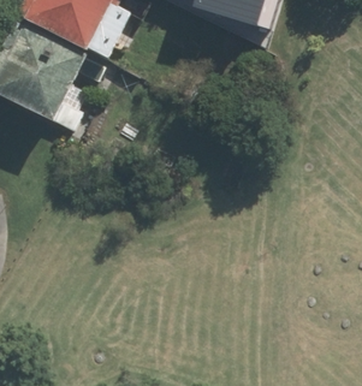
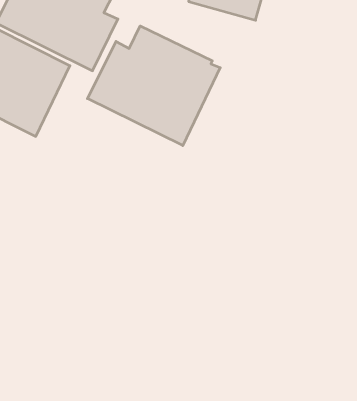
building: none -> [87,26,220,146]

